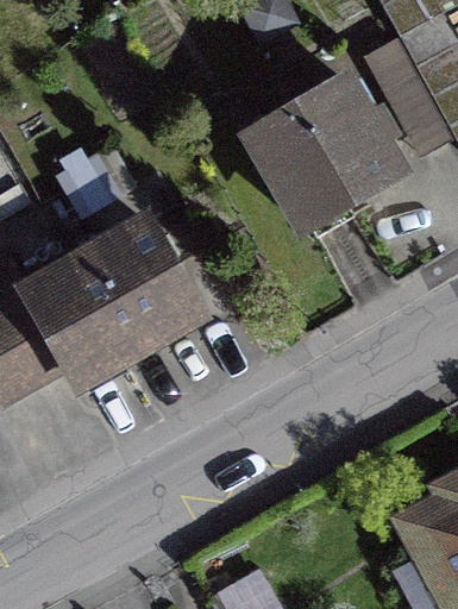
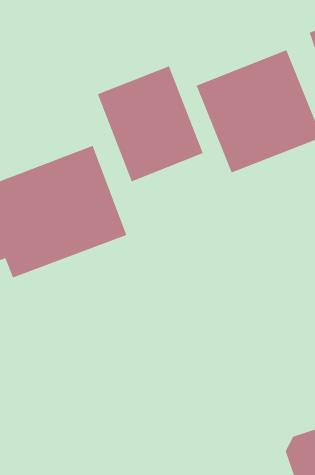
building: none -> [97,65,204,182]

